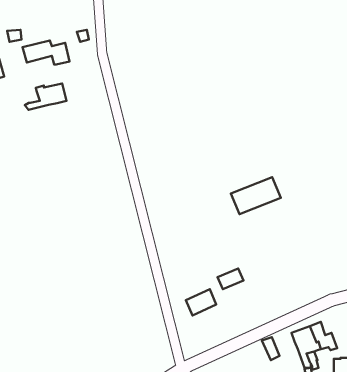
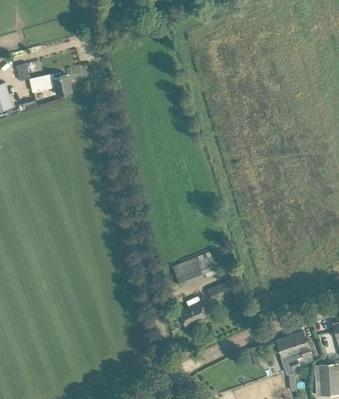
building: [25,84,67,110] -> none
building: [231,177,281,214] -> [173,252,219,286]

